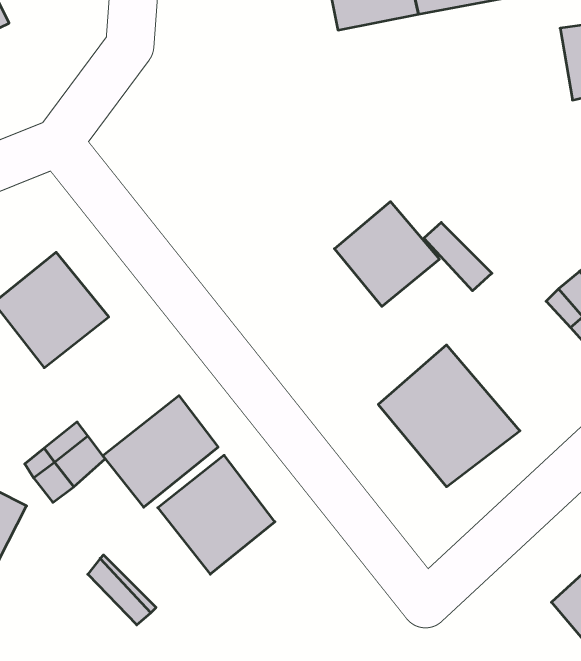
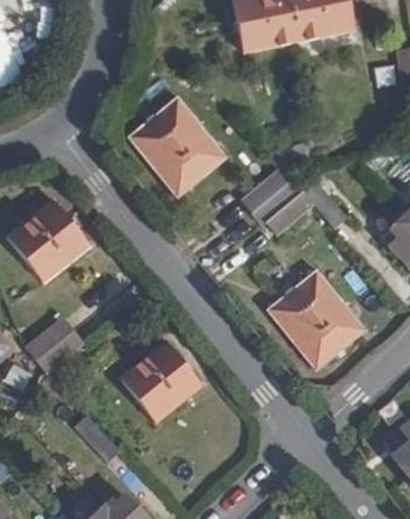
building: none -> [130,98,223,196]
building: [103,396,218,507] -> none

